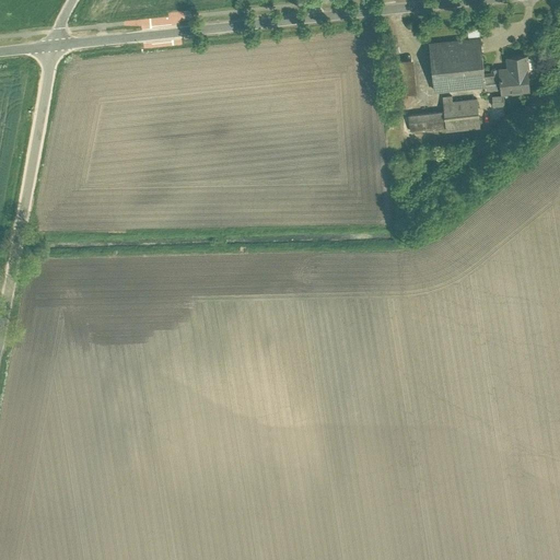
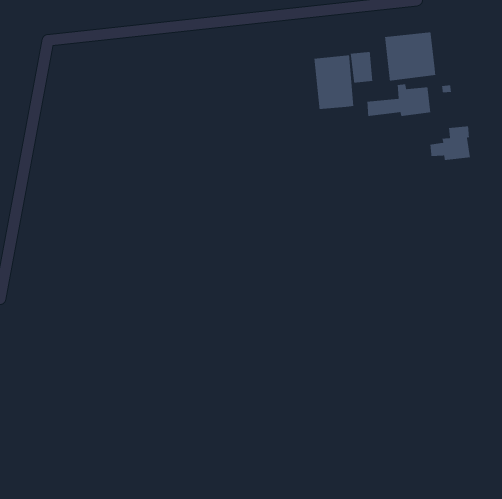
building: [485,56,530,95] -> [430,126,471,161]
building: none -> [314,55,354,110]

